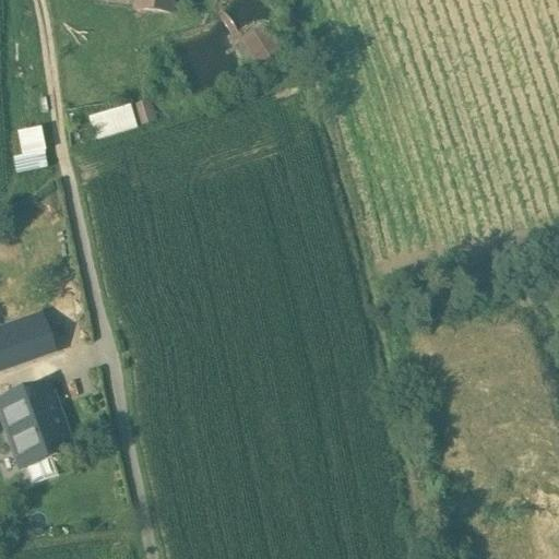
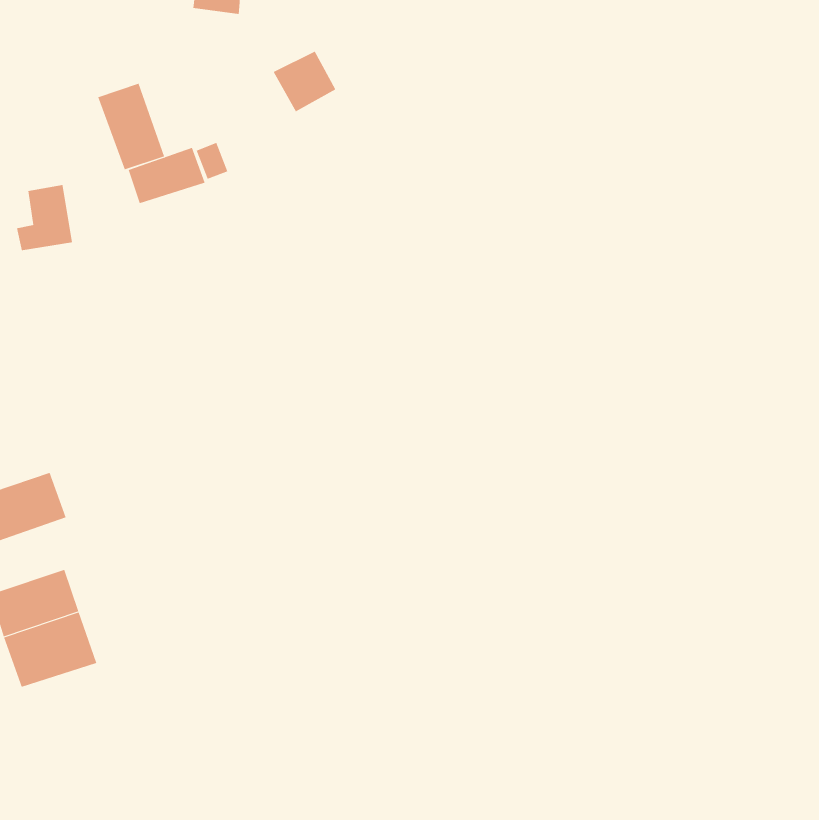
building: [240,21,283,62] -> [273,51,336,112]
building: none -> [98,83,165,170]

